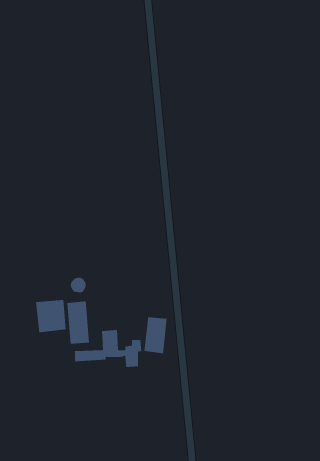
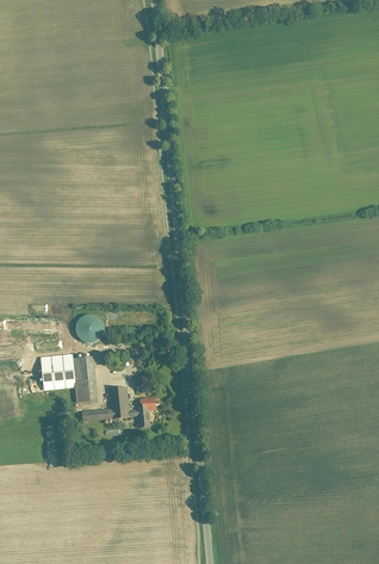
building: [144,316,167,354] -> none

